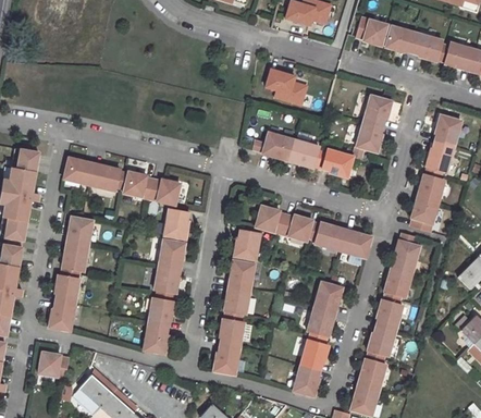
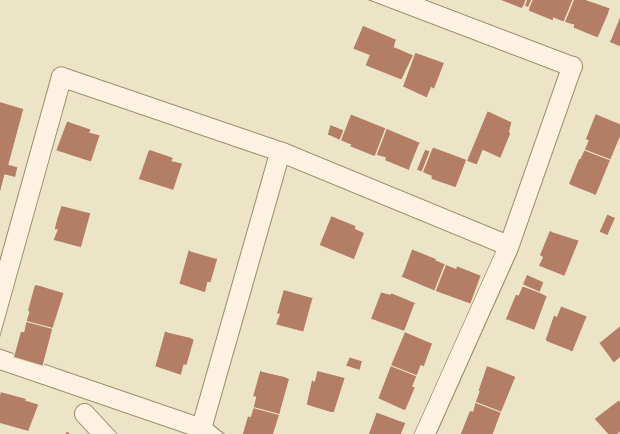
building: [363,95,392,126] -> [402,52,445,98]
building: [89,164,120,190] -> none
building: [418,173,445,205] -> none
building: [149,179,180,205] -> none
building: [163,208,188,238] -> none
building: [281,214,312,241] -> [370,292,417,331]
building: [233,230,260,260] -> none
building: [62,242,88,271] -> none
building: [153,263,178,293] -> none
building: [384,266,412,297] -> [545,306,587,352]
building: [224,285,250,314] -> [306,370,346,412]
building: [143,323,168,353] -> none

